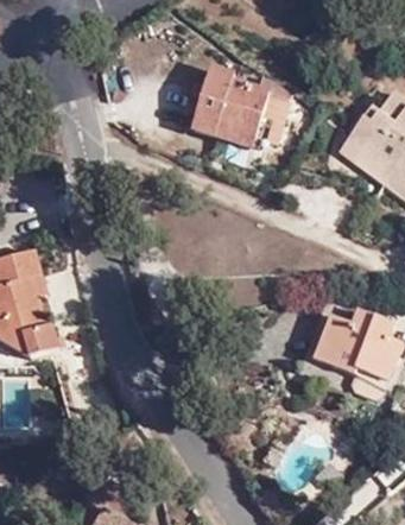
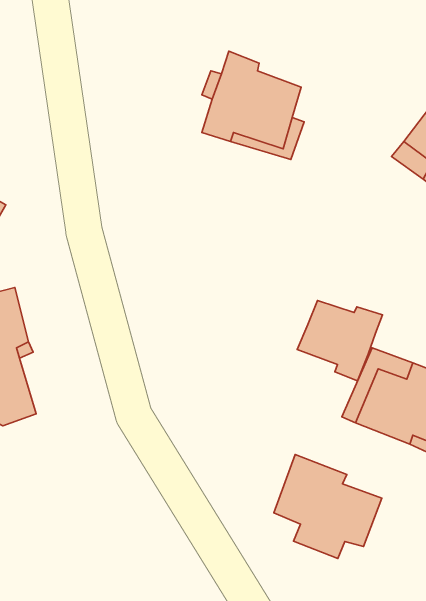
building: none -> [297,301,382,381]
building: none -> [274,454,382,559]

